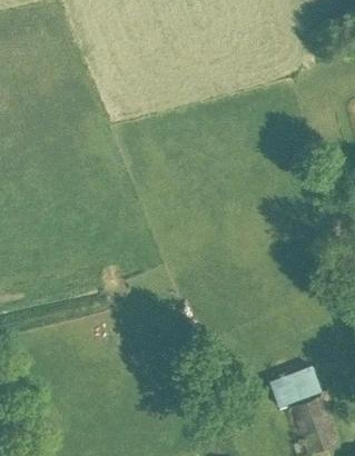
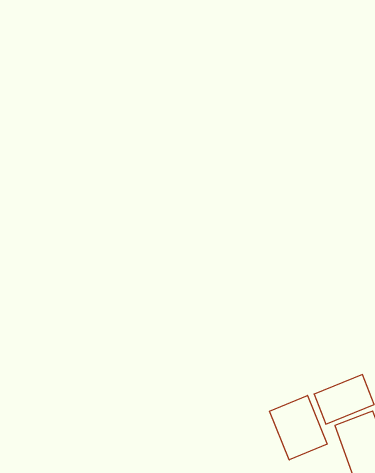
building: none -> [270,395,327,460]

